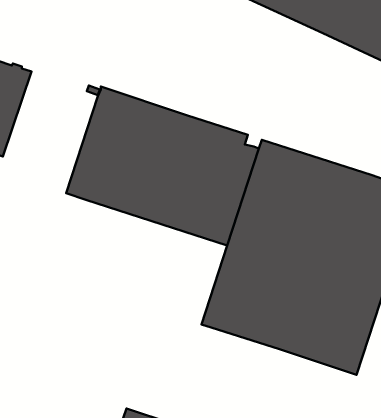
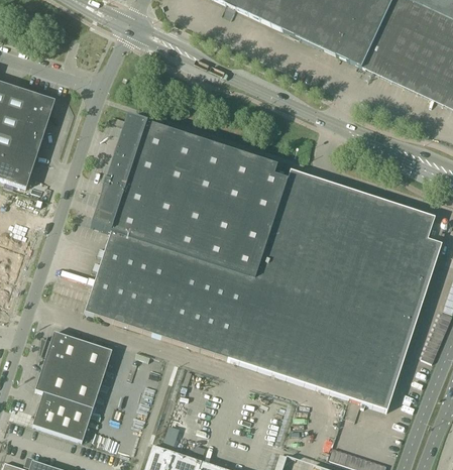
building: none -> [86,231,255,358]
building: none -> [32,331,112,440]

